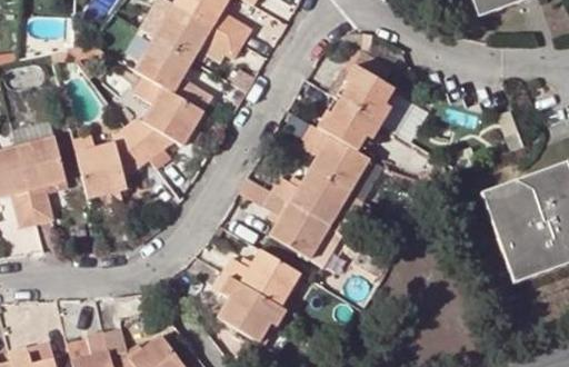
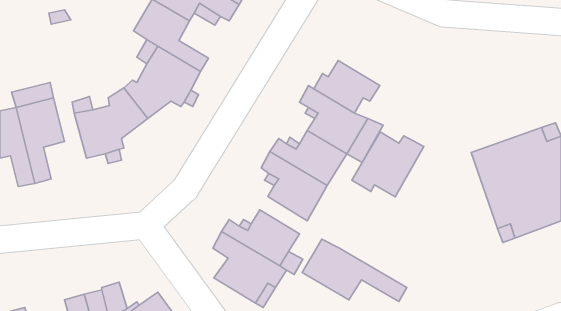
building: [342,66,397,123] -> none
building: none -> [352,132,424,197]
building: none -> [302,239,407,301]

